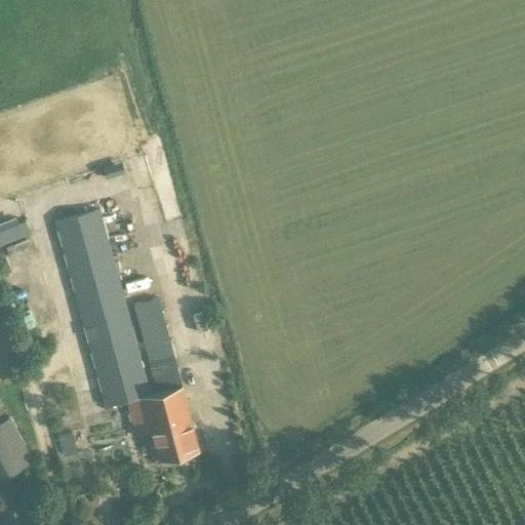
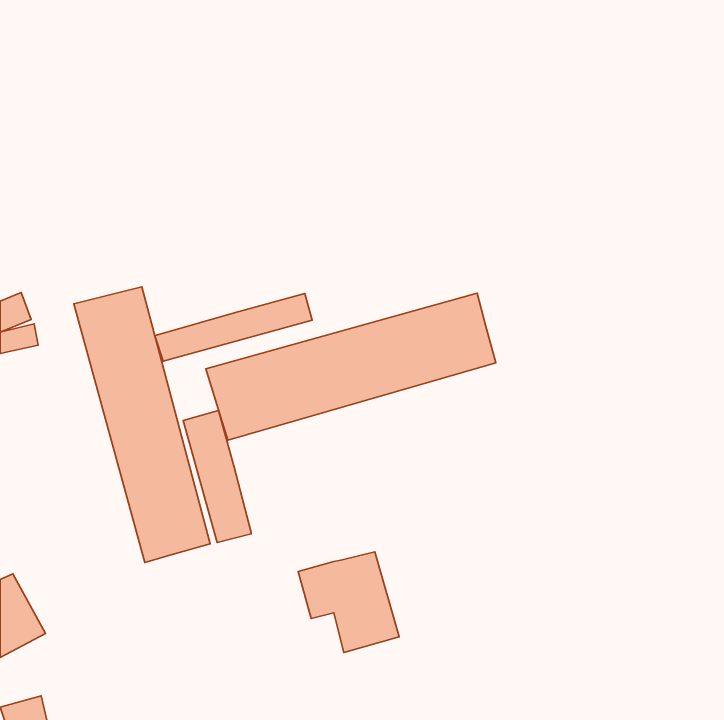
building: none -> [206,293,496,440]
building: none -> [155,293,312,361]
building: [127,390,200,462] -> [298,552,399,653]

